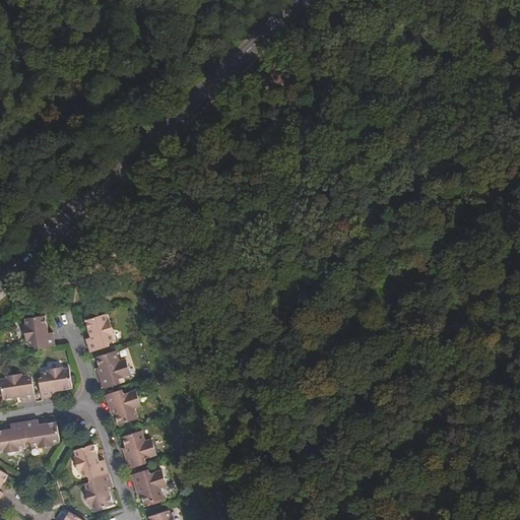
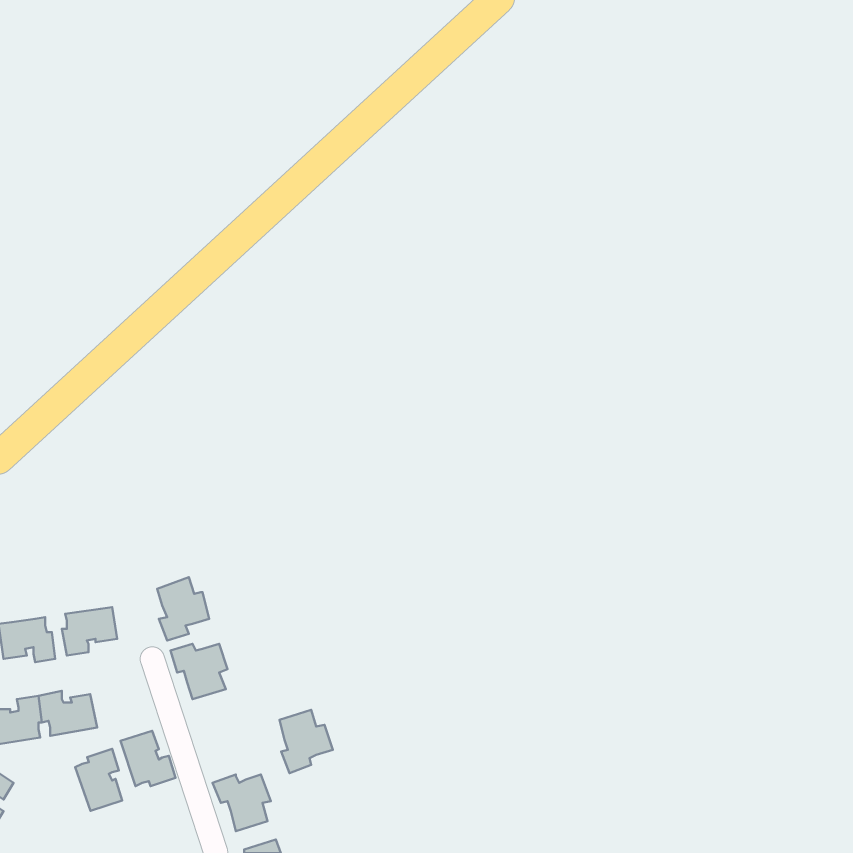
building: [84,314,113,352] -> none
building: [23,316,53,348] -> none
building: [122,431,154,469] -> [279,710,333,773]
building: [84,472,113,510] -> [75,749,122,811]

